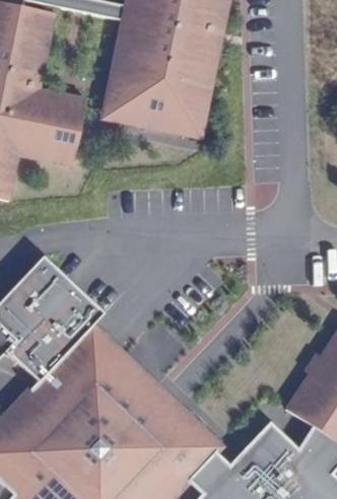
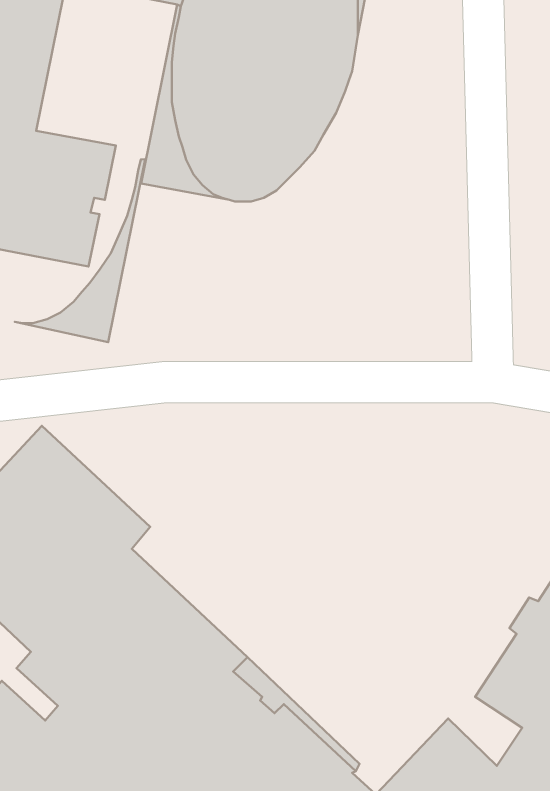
building: [150,70,212,142] -> none
building: none -> [15,159,145,342]

